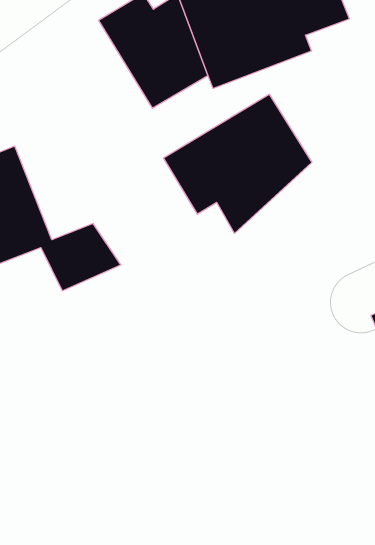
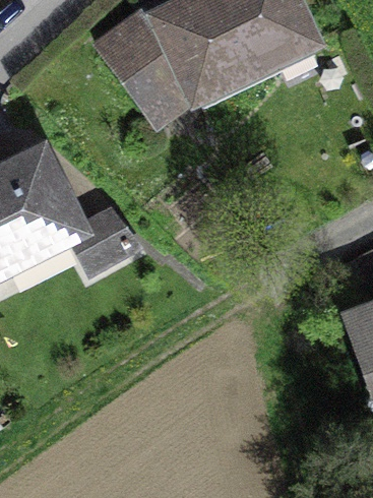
building: [163,94,312,233] -> none

